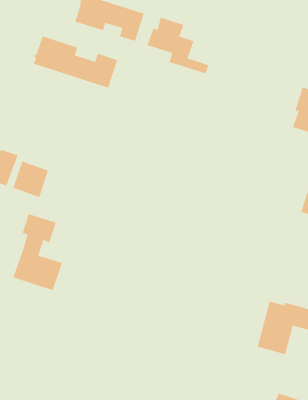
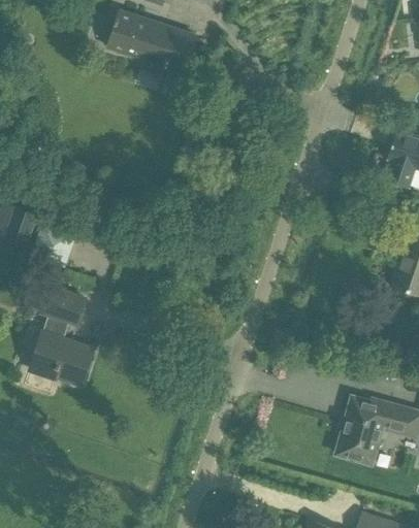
building: [147,17,209,74] -> none
building: [33,35,118,88] -> none

